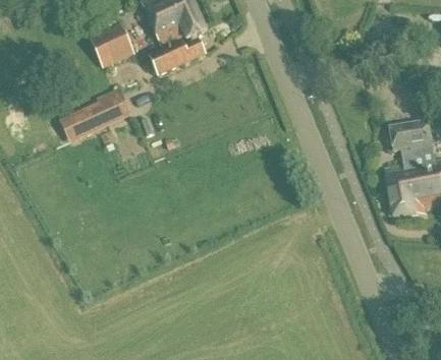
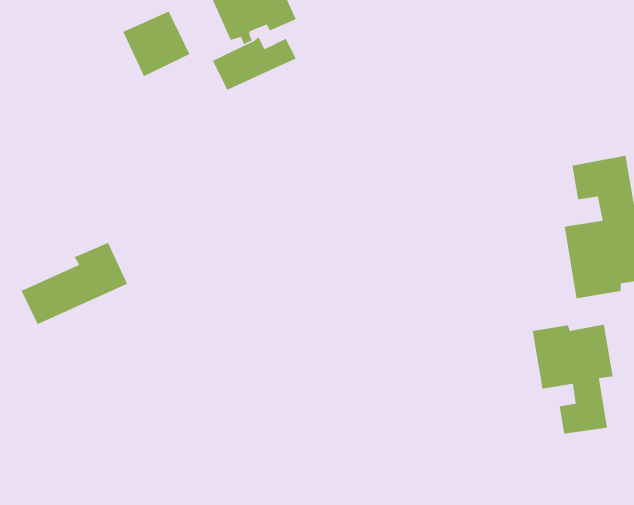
building: [58,85,130,141] -> [20,242,128,325]
building: none -> [532,324,613,434]

